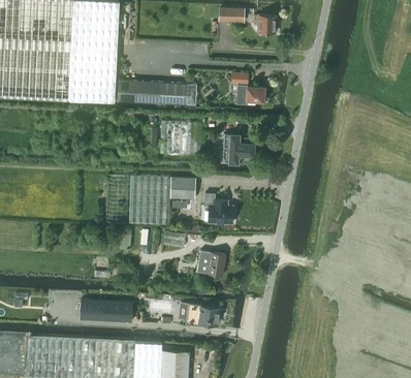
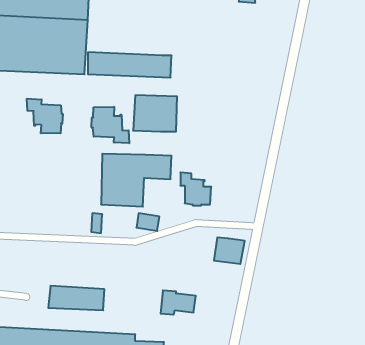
building: [231,72,264,103] -> none
building: none -> [27,99,63,133]
building: none -> [92,107,129,143]
building: [222,132,254,162] -> none
building: [196,250,225,275] -> [214,237,245,264]

